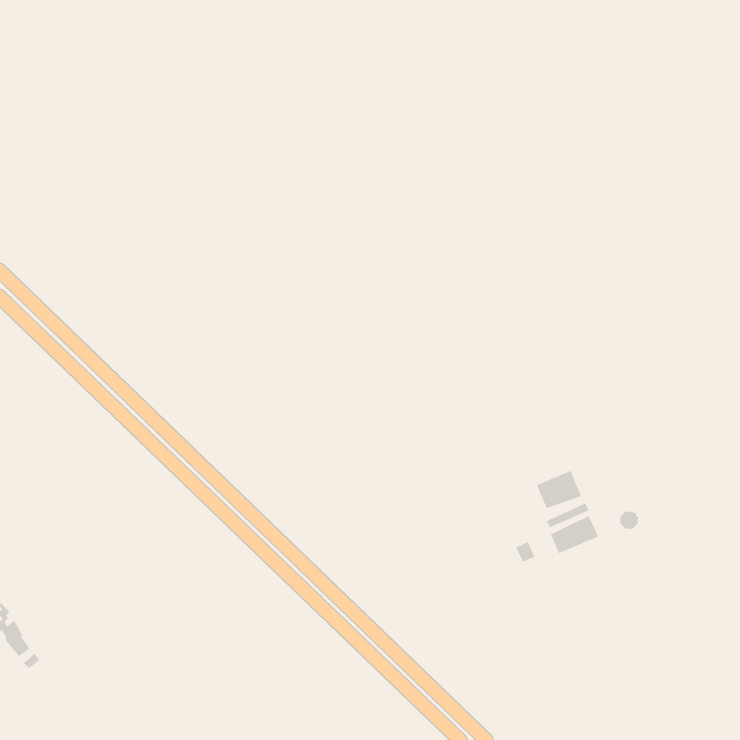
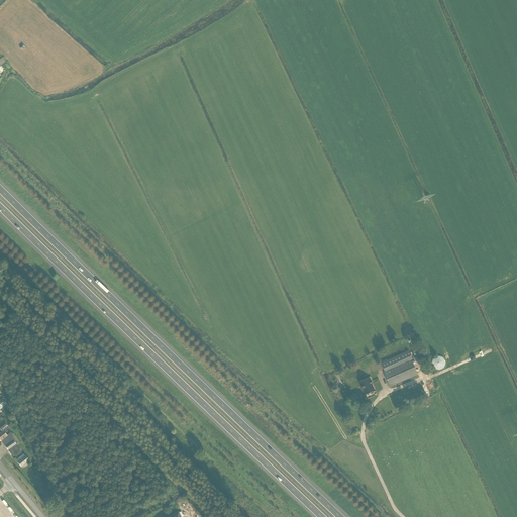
building: [536,470,582,509] -> none

